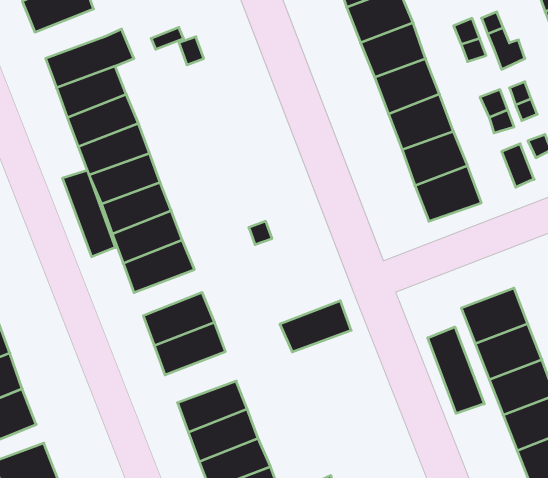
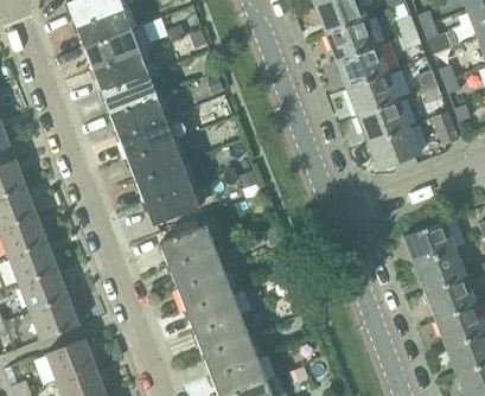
building: none -> [77,8,130,46]
building: [63,170,115,257] -> none
building: [280,301,351,352] -> [177,270,231,309]
building: [428,327,484,413] -> none

